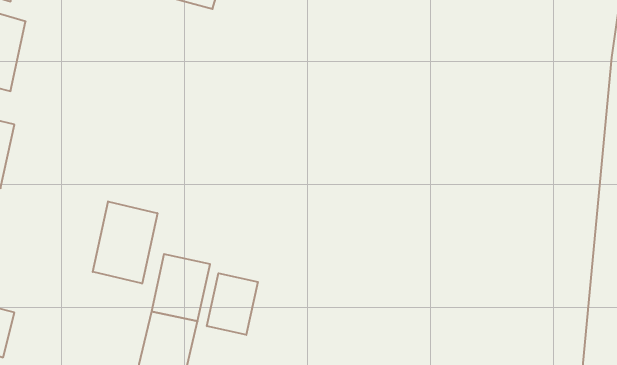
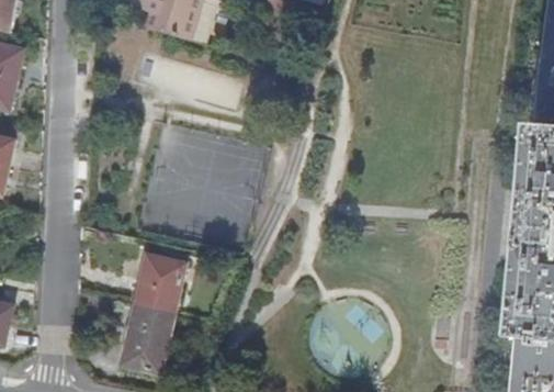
building: [93,201,157,284] -> none
building: [207,273,258,335] -> none

